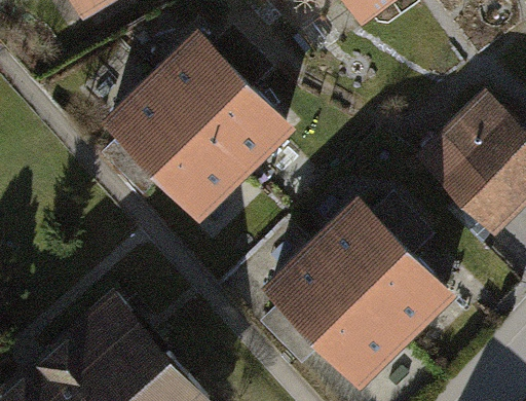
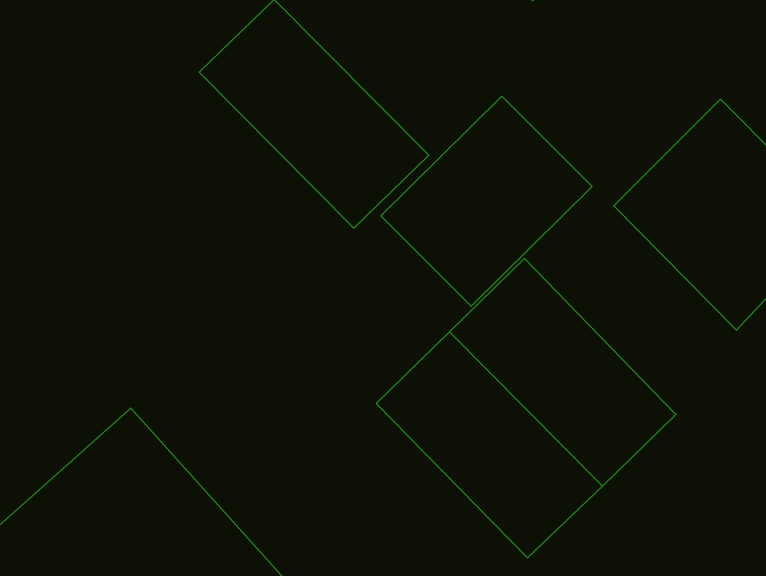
building: [101,74,248,222] -> none
building: none -> [381,96,592,306]

